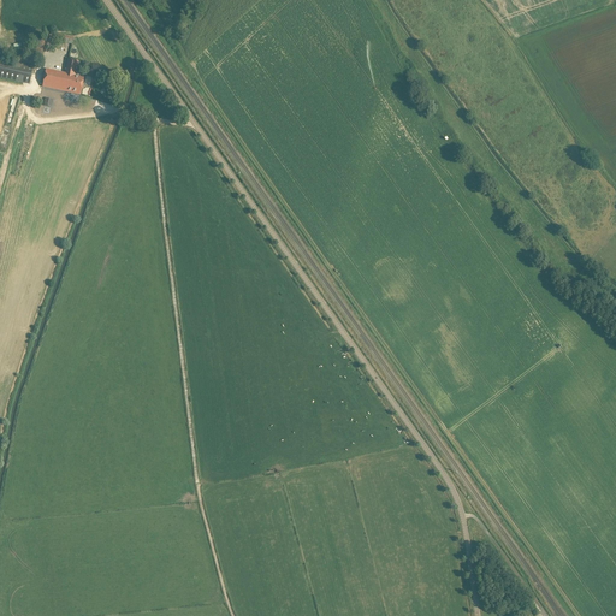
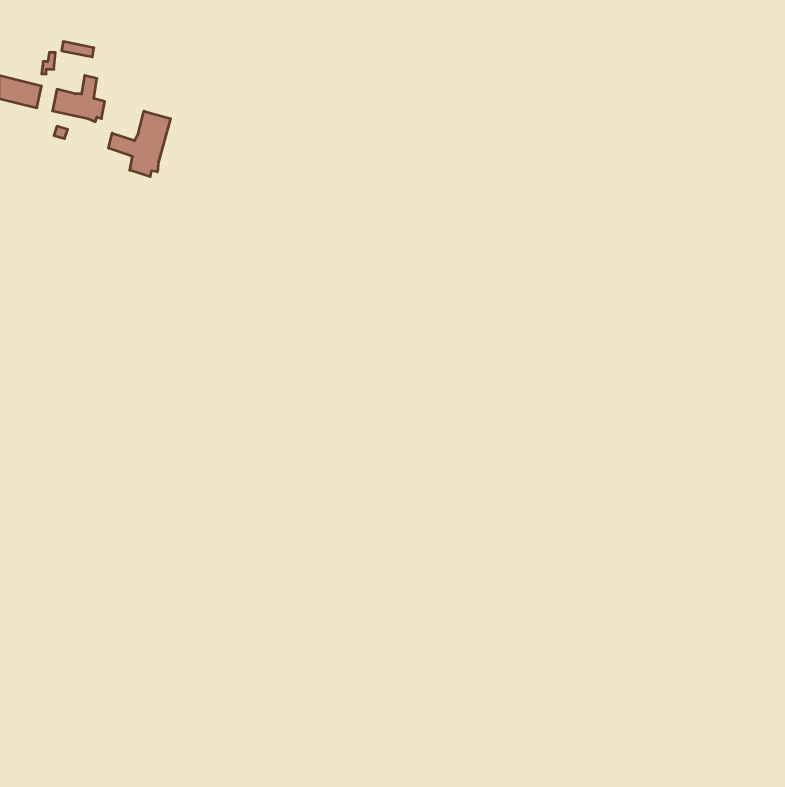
building: none -> [109,111,171,177]

